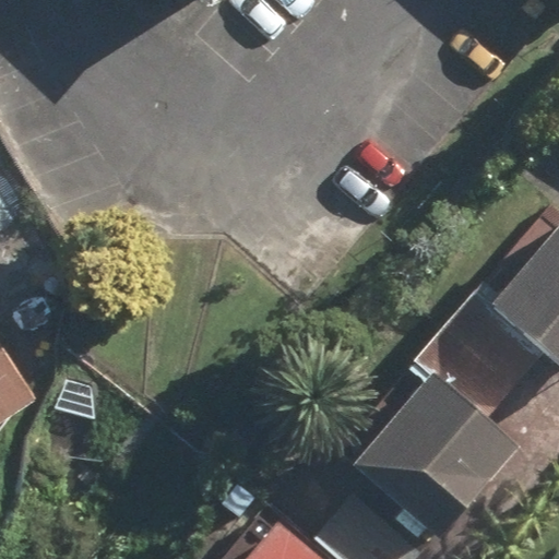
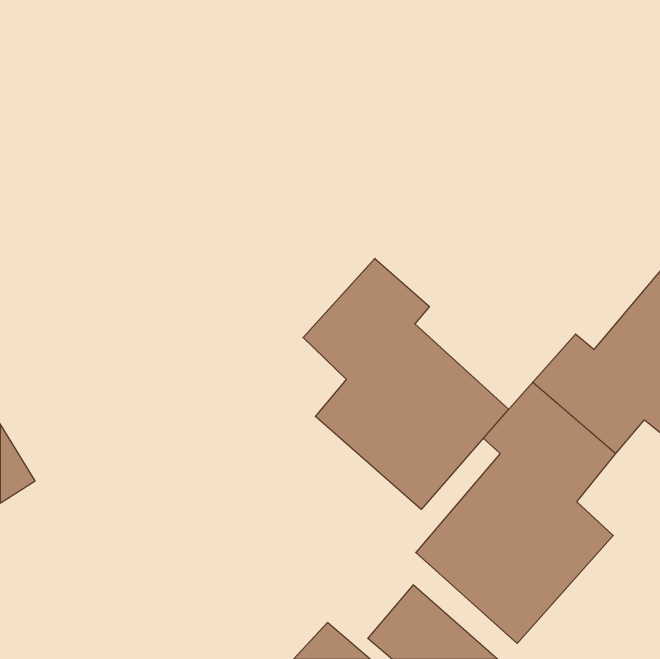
building: none -> [303,258,508,509]

